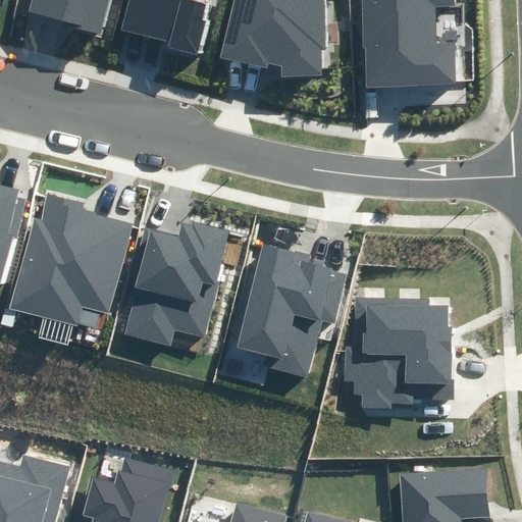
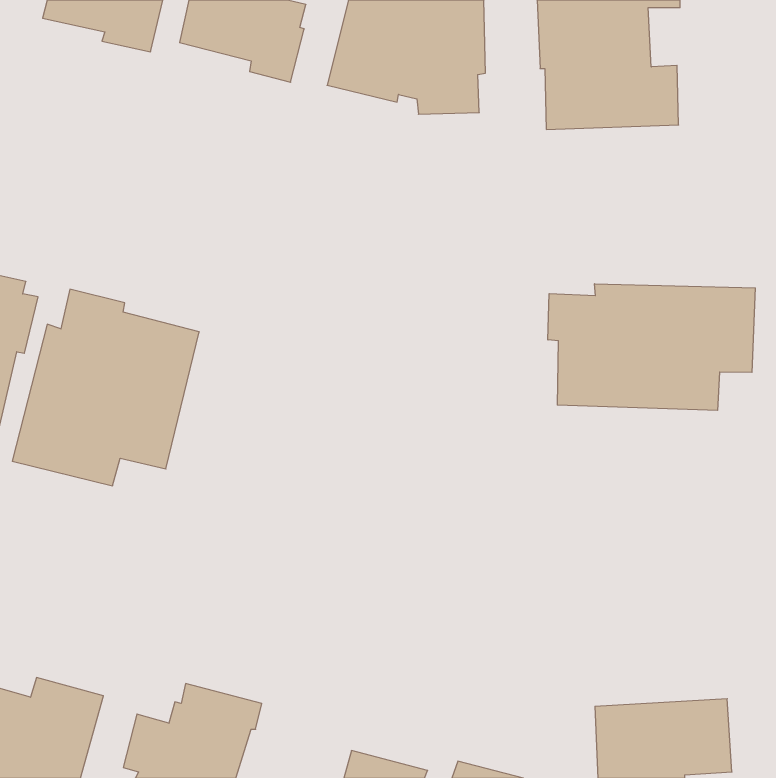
building: none -> [548,284,755,410]
building: [122,220,228,348] -> none
building: [238,245,348,377] -> none
building: [343,297,453,409] -> none

